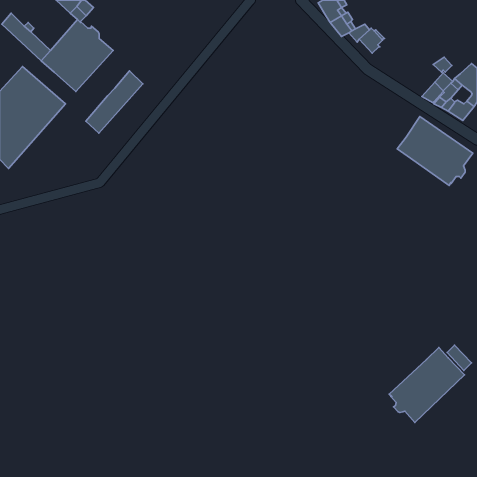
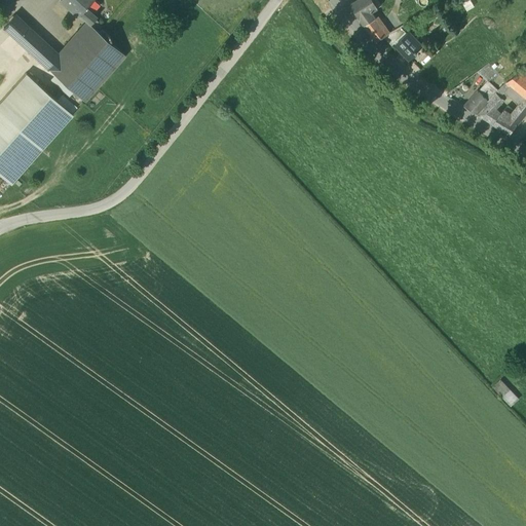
building: [86,71,143,133] -> none
building: [397,117,473,185] -> none
building: [389,348,465,422] -> none

